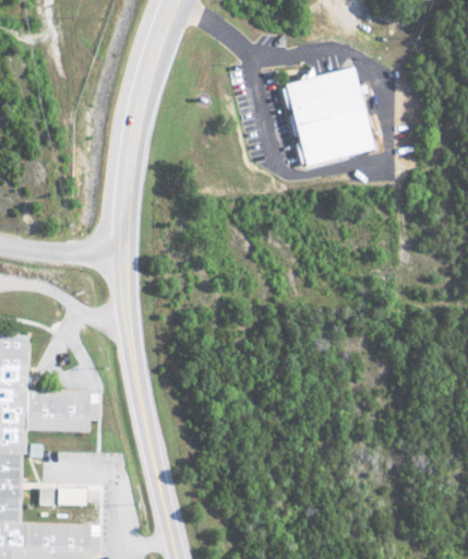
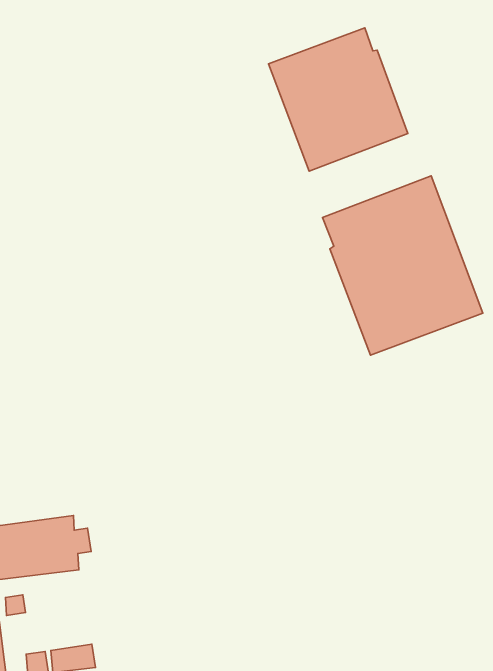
building: none -> [323,176,483,355]

